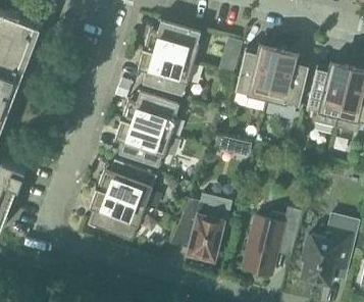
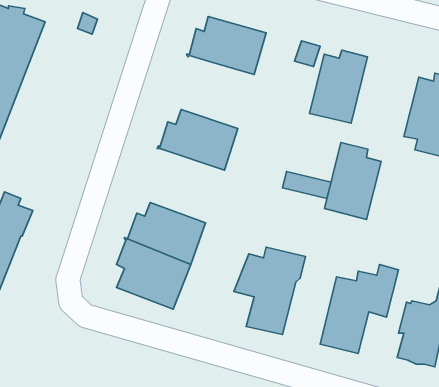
building: [139,49,194,95] -> none
building: [267,50,310,108] -> [325,143,381,219]
building: [115,119,171,166] -> none

